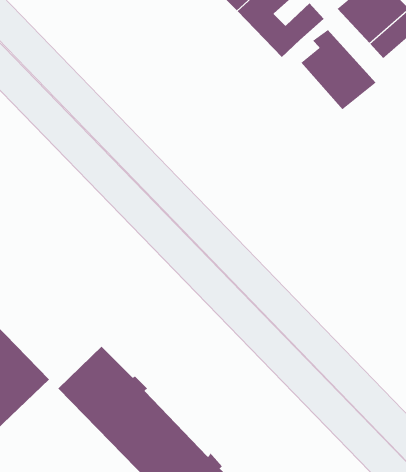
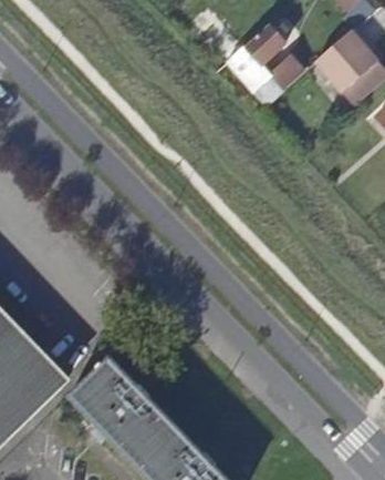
building: [300,29,376,110] -> none

